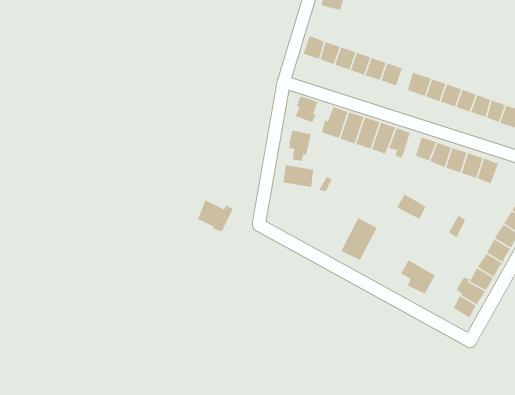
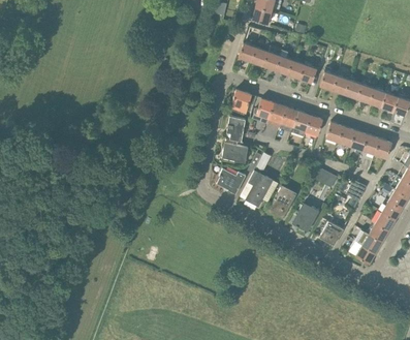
building: [197,199,234,232] -> [217,168,246,194]
building: none -> [246,172,273,207]
building: none -> [296,203,319,233]

